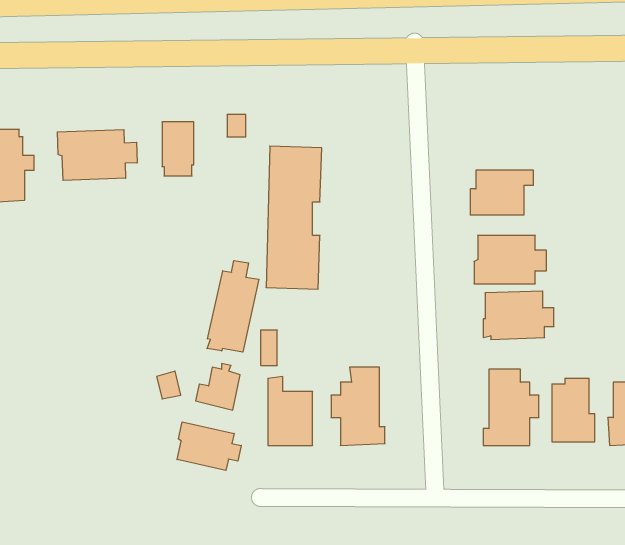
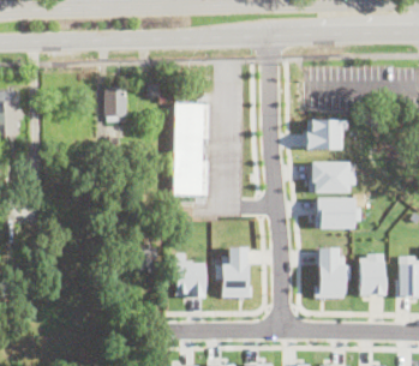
building: [57,130,137,180] -> none
building: [207,261,259,352] -> none
building: [177,422,241,470] -> none

